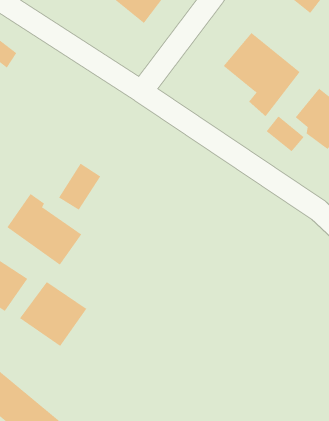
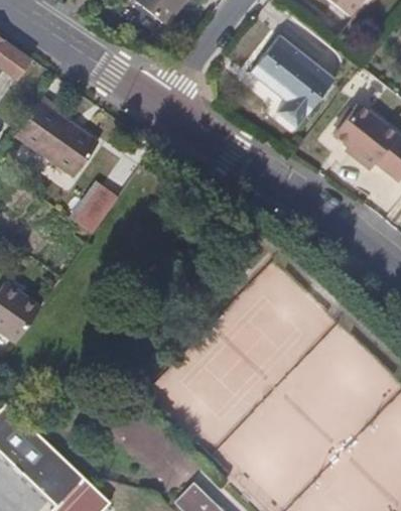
building: [266,115,305,152] -> none
building: [6,193,82,266] -> [13,98,97,177]
building: [19,281,87,347] -> none

